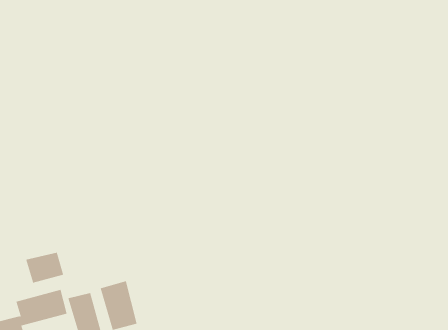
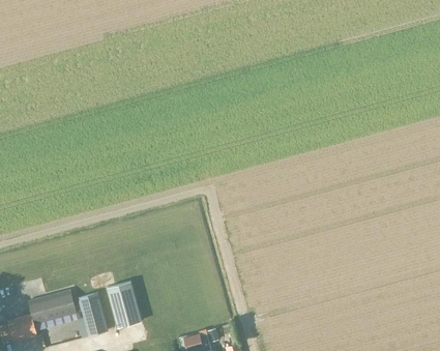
building: [26,252,64,284] -> none

